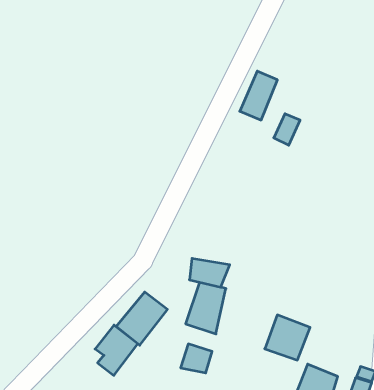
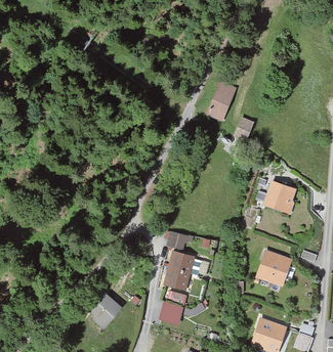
building: none -> [262,181,298,214]
building: [116,292,167,345] -> none
building: [265,315,310,360] -> [255,250,292,287]

